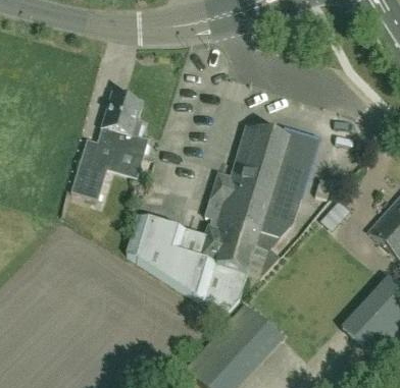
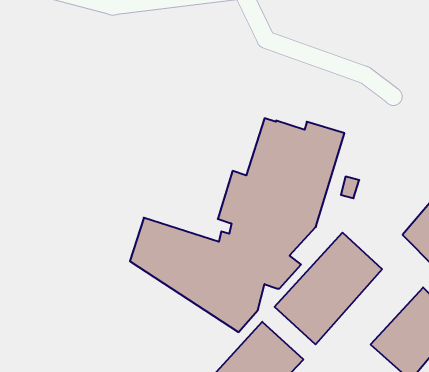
building: [71,94,149,199] -> none
building: none -> [275,233,382,344]

